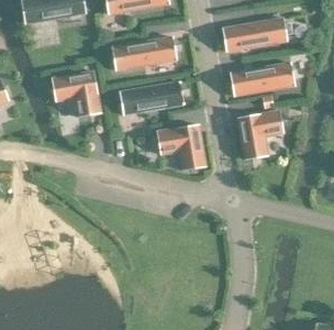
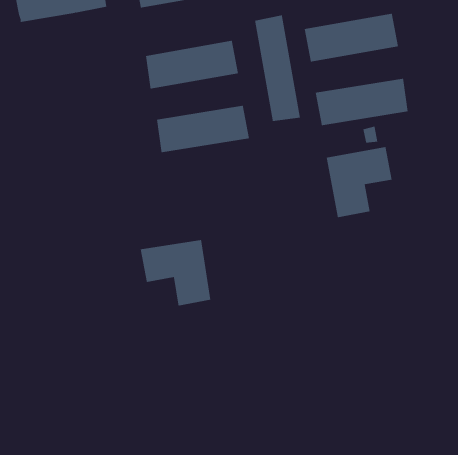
building: none -> [254,15,301,122]
building: [52,72,101,117] -> none
building: [156,124,205,170] -> [140,240,211,306]

